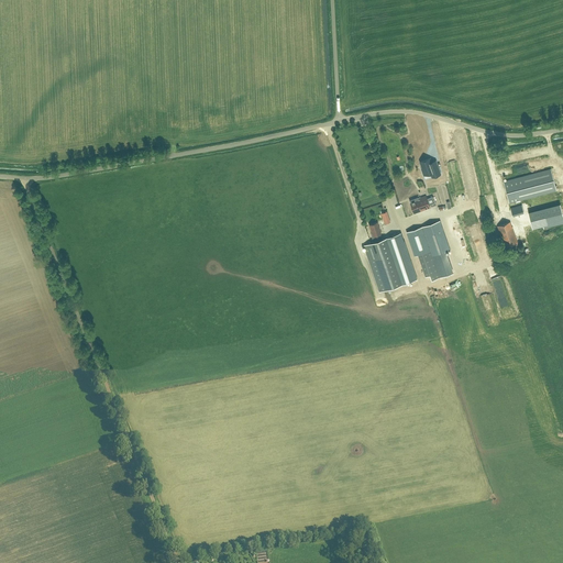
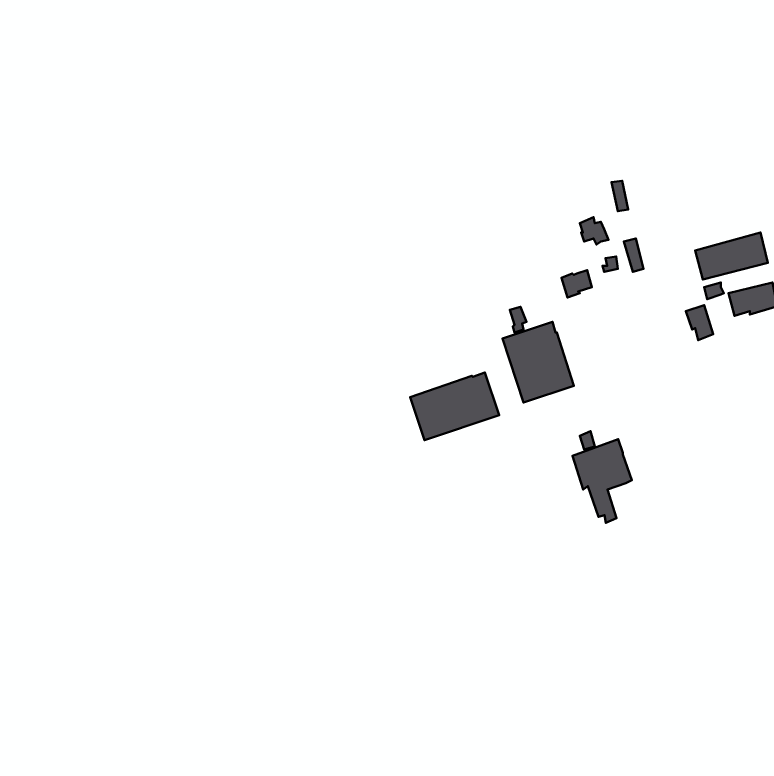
building: [408,220,451,280] -> [573,439,632,523]
building: none -> [410,372,499,440]

